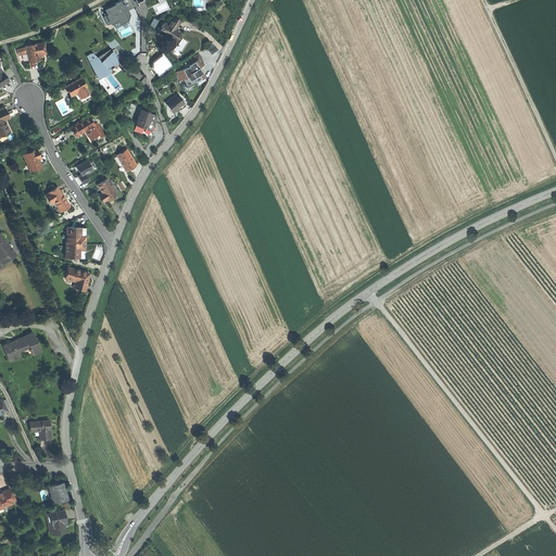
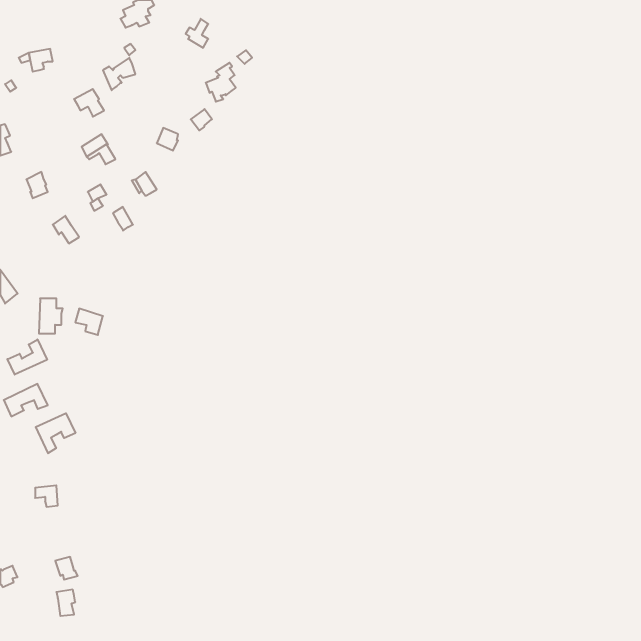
building: [65,227,86,257] -> [39,298,63,334]
building: none -> [7,339,47,375]
building: none -> [36,413,75,453]

